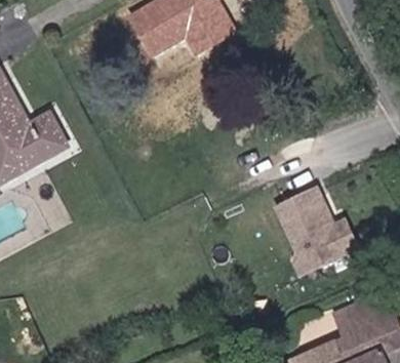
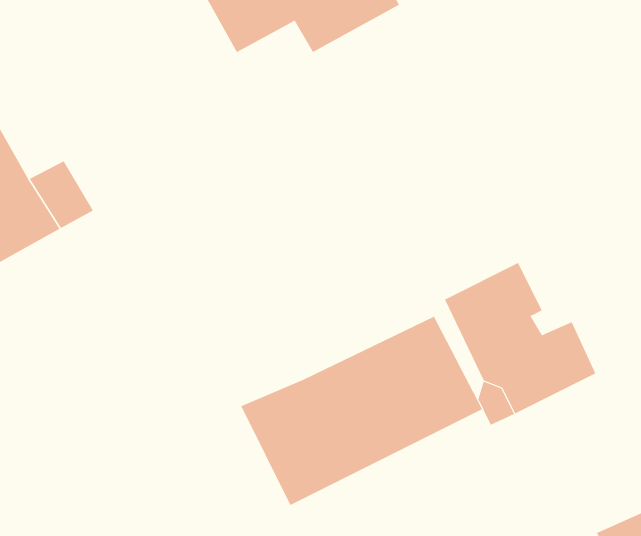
building: none -> [240,316,483,506]

